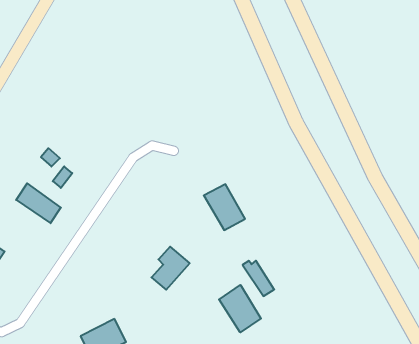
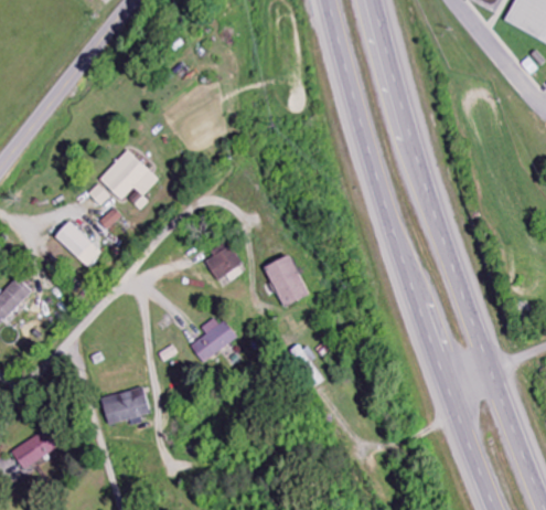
building: none -> [99,149,159,200]
building: none -> [204,245,242,280]
building: [219,285,261,332] -> none

